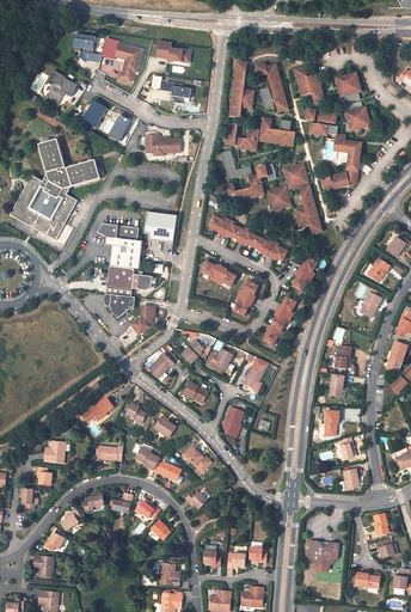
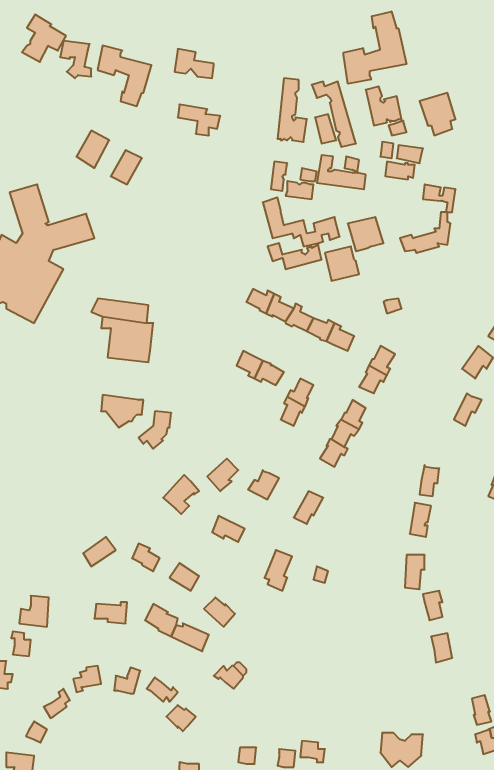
building: none -> [343,11,406,84]
building: [43,69,75,104] -> [22,15,66,62]
building: [345,100,370,130] -> none
building: [145,135,179,154] -> none
building: [296,184,319,225] -> none
building: [145,210,176,252] -> none
building: [102,265,155,296] -> none

